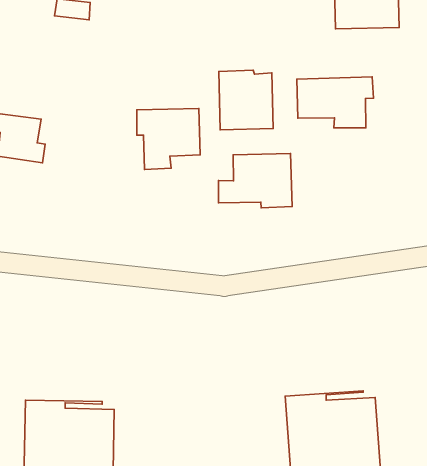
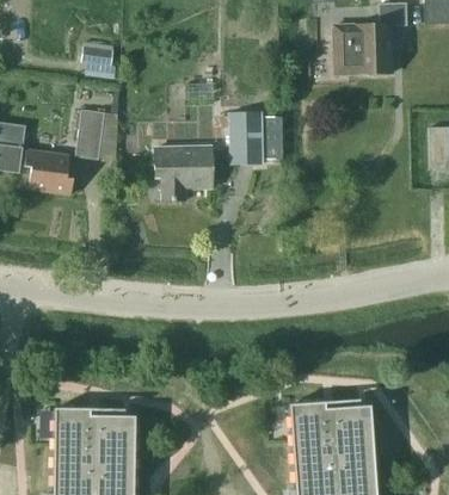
building: none -> [75,110,105,159]
building: [297,77,373,128] -> none
building: [218,154,292,208] -> none

